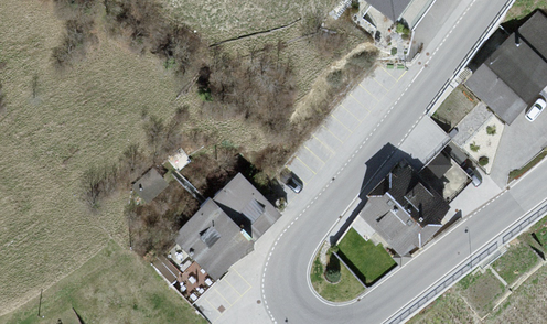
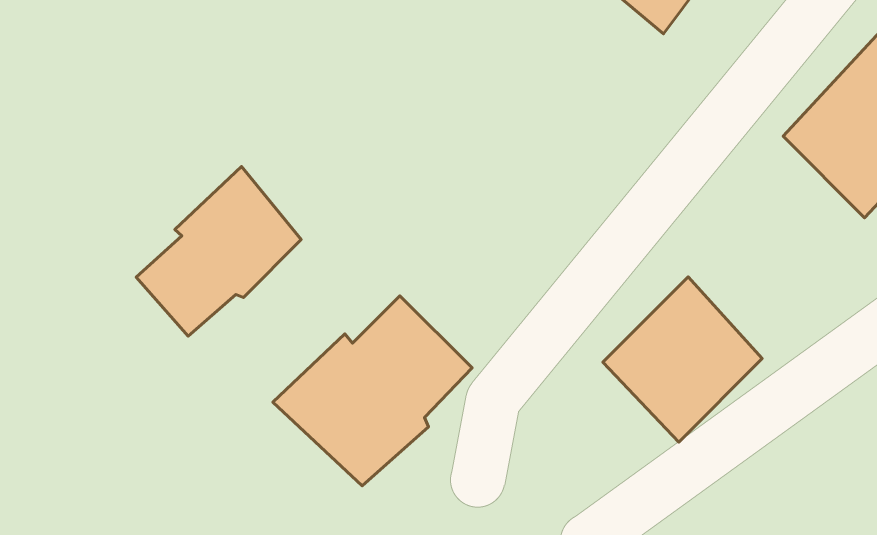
building: none -> [136,166,301,336]

